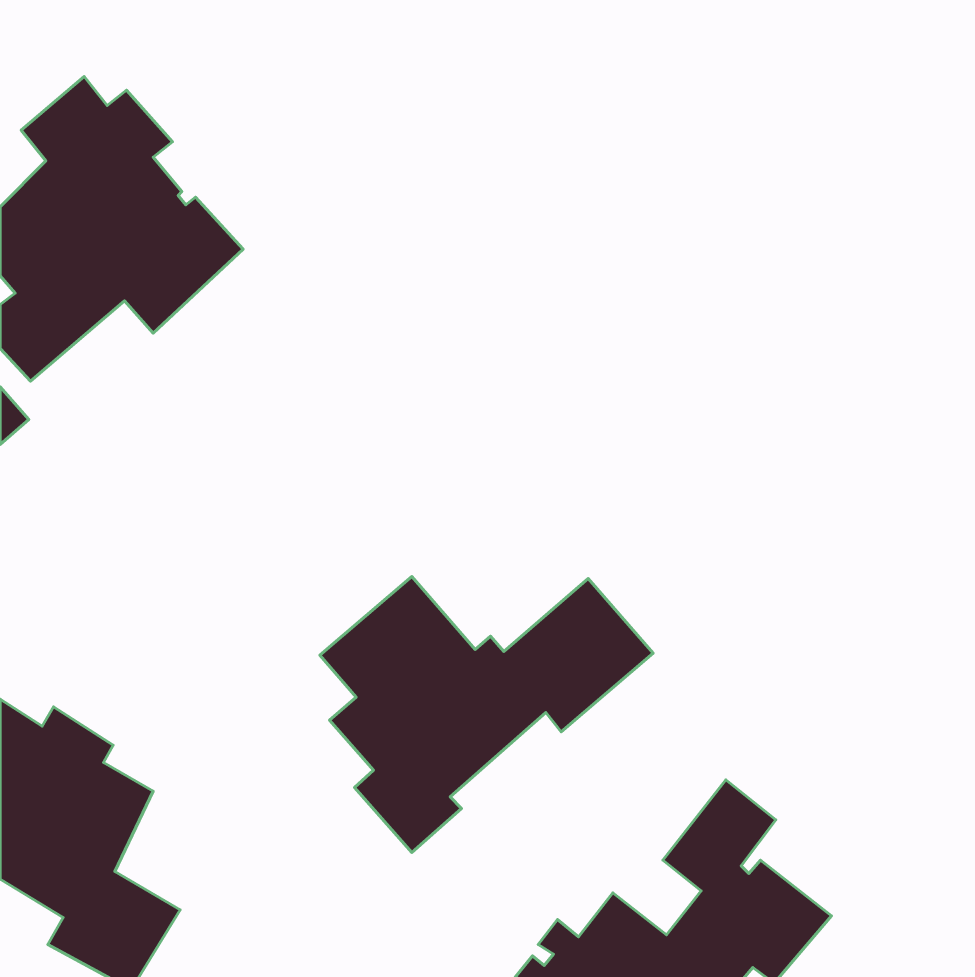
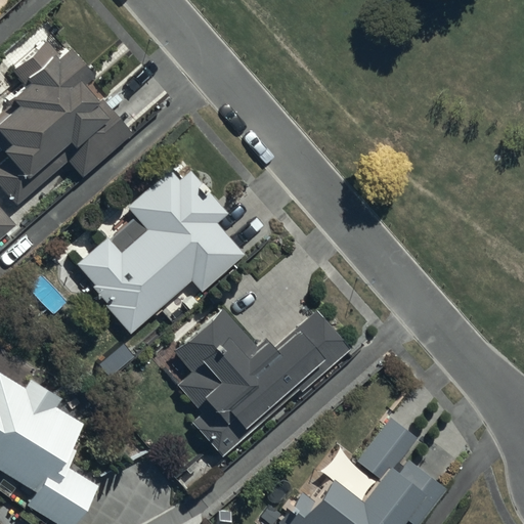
building: none -> [78,170,246,335]

